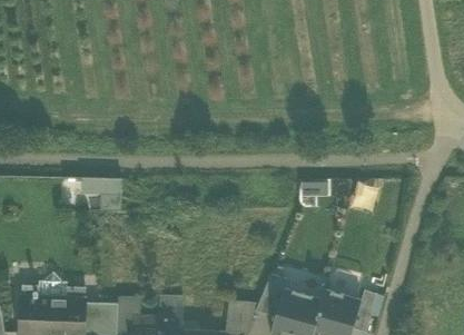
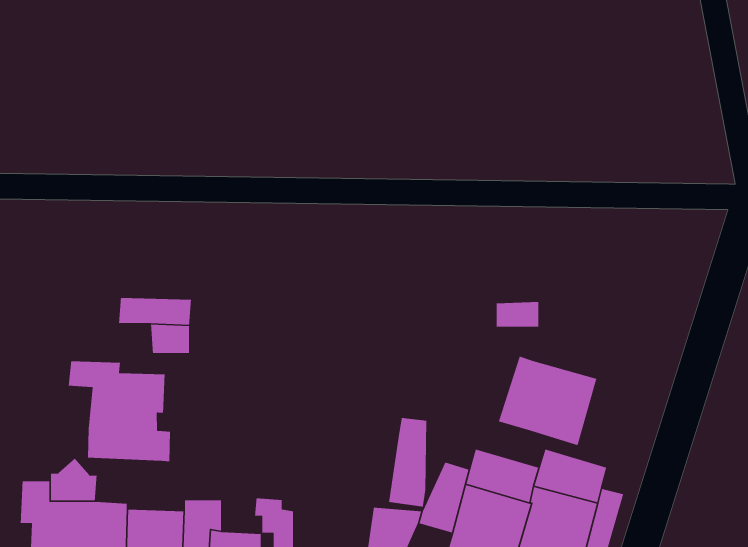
building: none -> [498,355,598,446]
building: none -> [68,360,171,462]
building: none -> [388,417,427,508]

